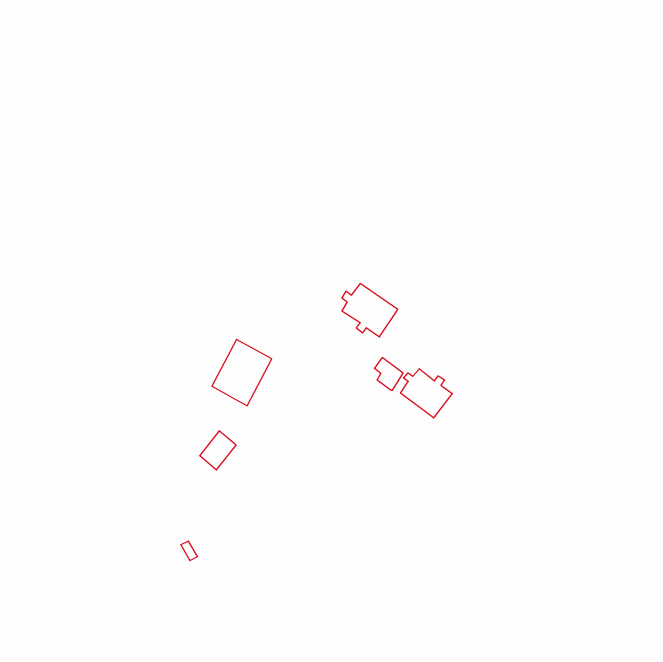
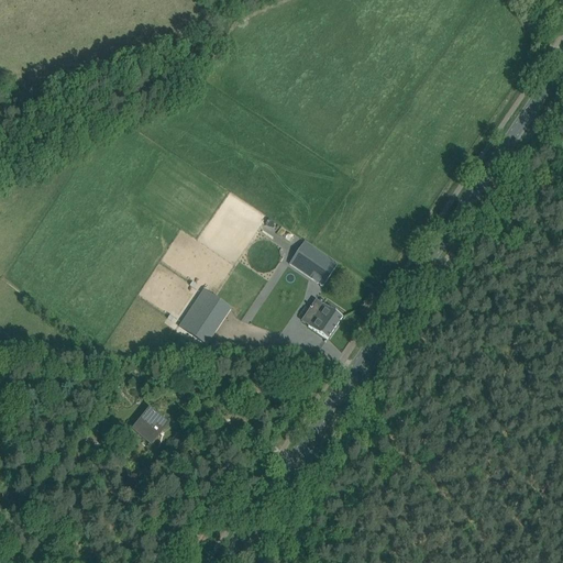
building: [401,369,452,418] -> none
building: [200,431,236,470] -> [136,410,167,443]

